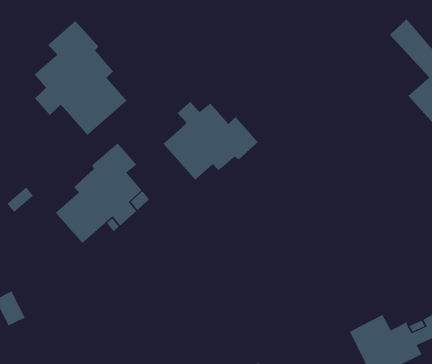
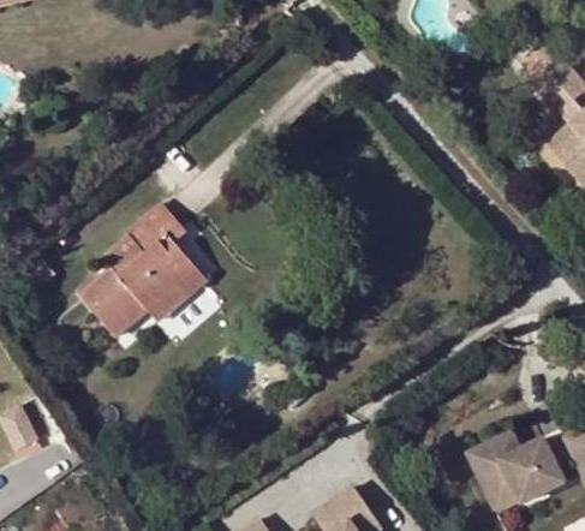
building: [34,20,127,136] -> none
building: [163,101,259,181] -> none

